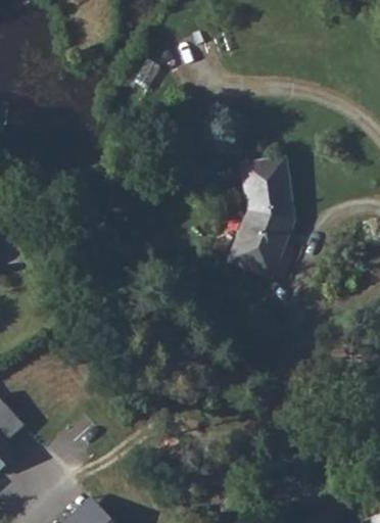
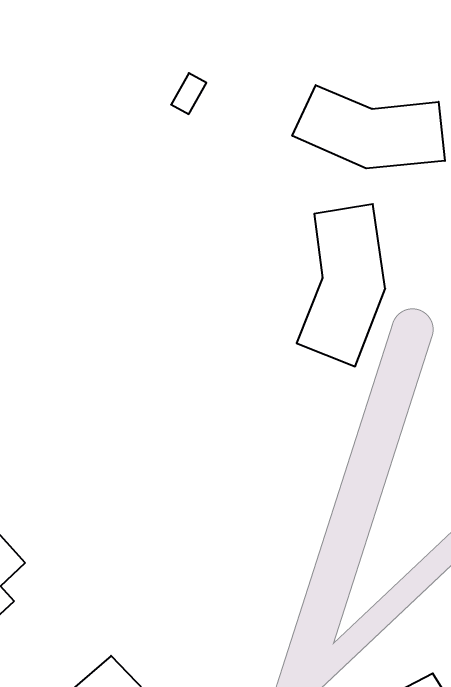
building: none -> [292,85,445,168]

